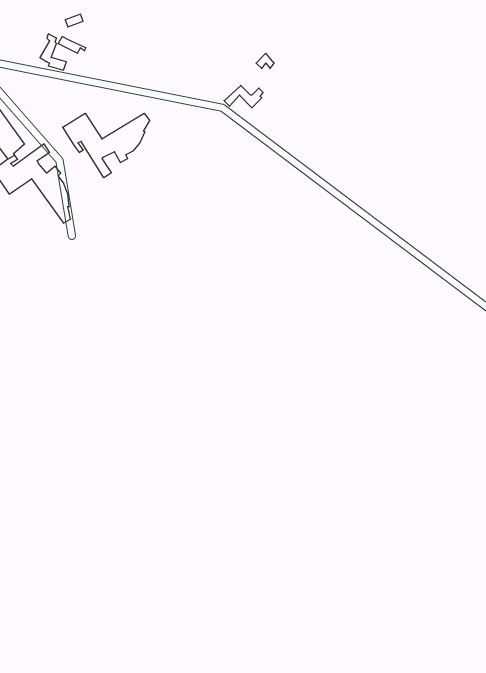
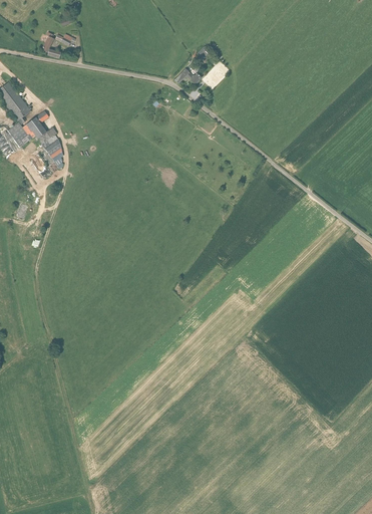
building: [63,113,150,178] -> none

